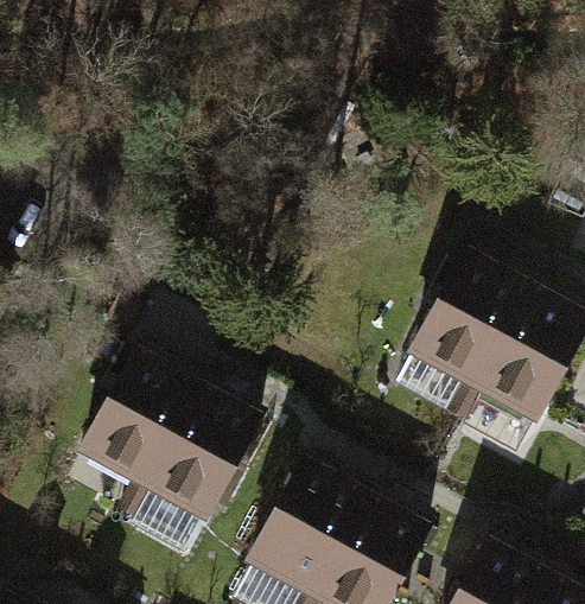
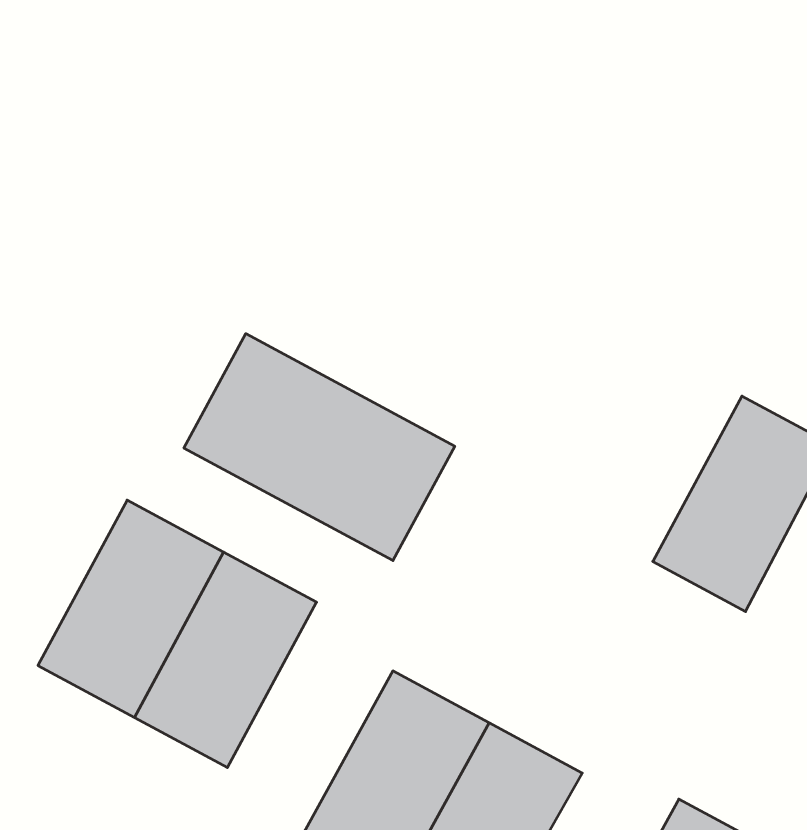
building: none -> [184,334,455,561]
building: [400,263,519,402] -> none

